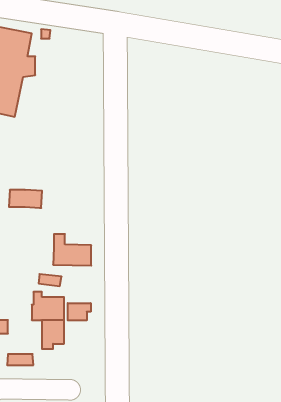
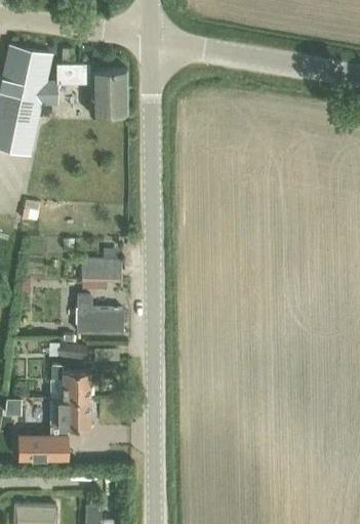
building: none -> [56,65,127,115]
building: [9,190,42,208] -> [81,260,121,282]
building: [68,303,91,320] -> none

